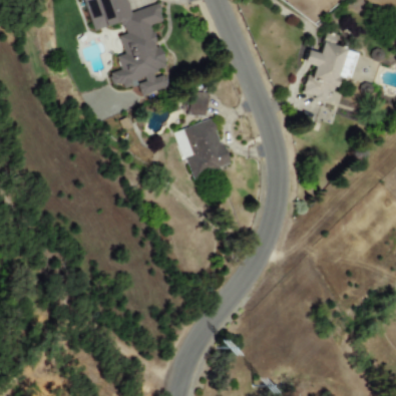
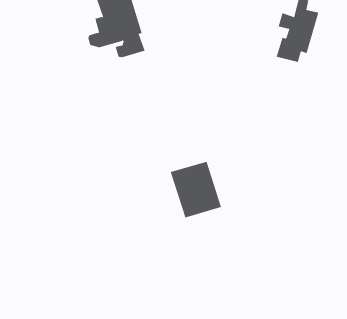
building: [189,92,210,116] -> none
building: [177,119,231,177] -> [170,161,222,218]

